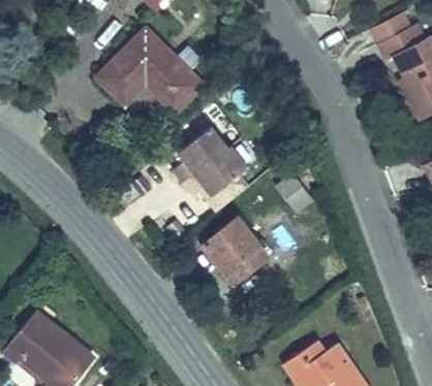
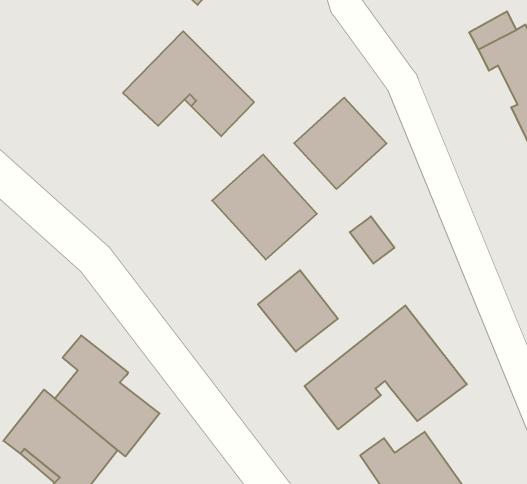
building: none -> [294,98,387,189]
building: none -> [305,305,467,429]
building: none -> [55,335,160,456]

